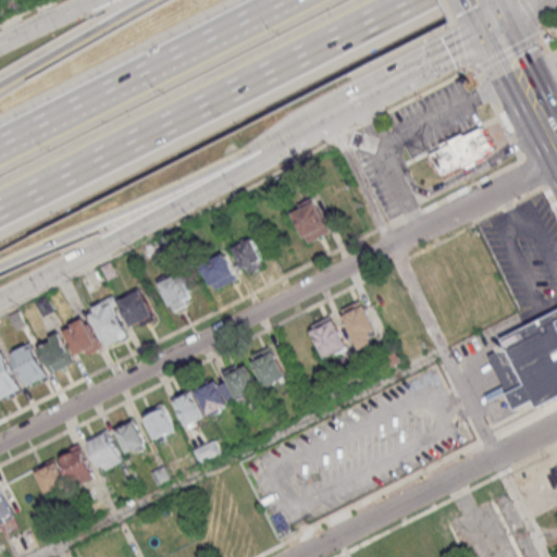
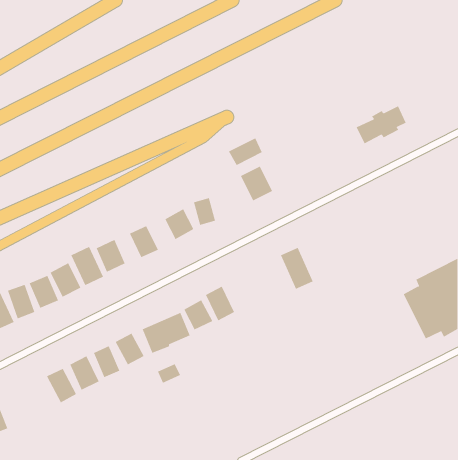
building: none -> [228,138,263,166]
building: [306,314,346,360] -> none
building: [32,460,64,495] -> none

